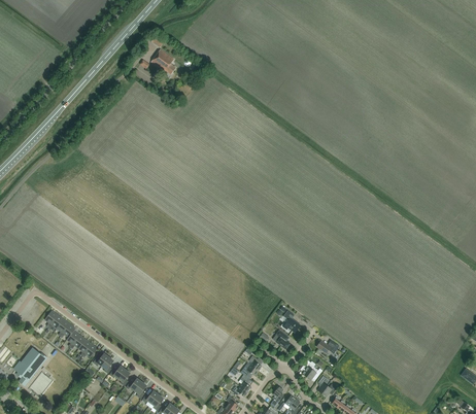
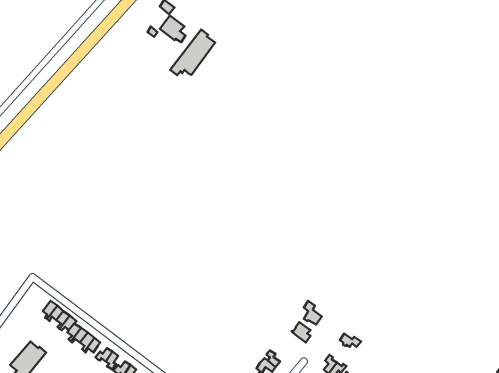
building: none -> [170,30,215,75]

